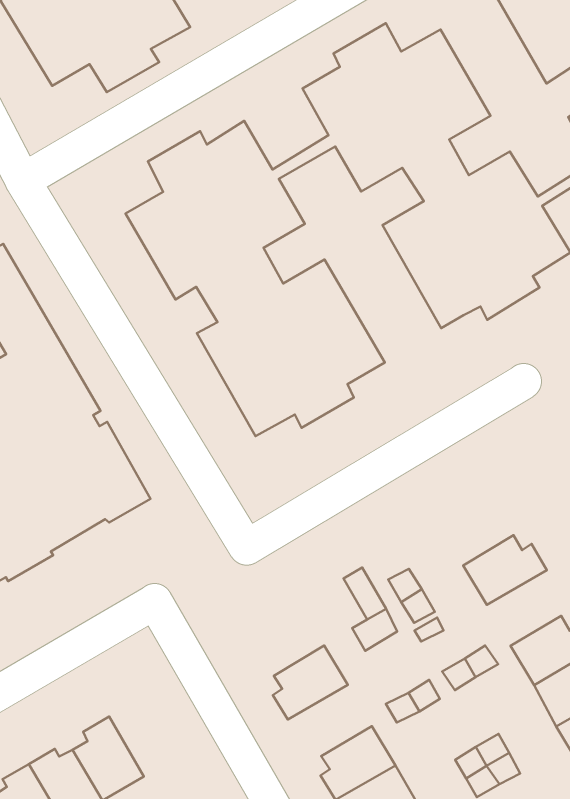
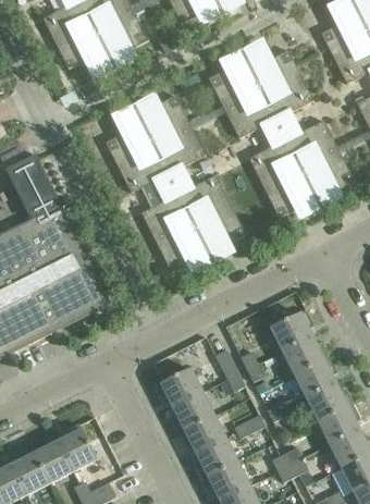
building: none -> [270,310,312,352]
building: none -> [294,357,336,398]
building: none -> [155,368,201,407]
building: none -> [178,415,225,454]

